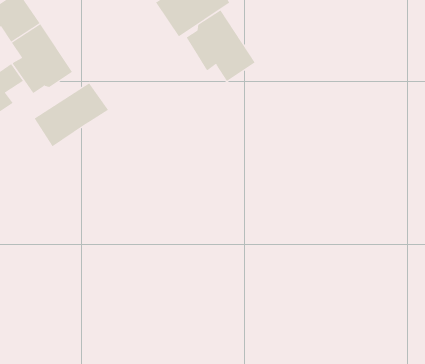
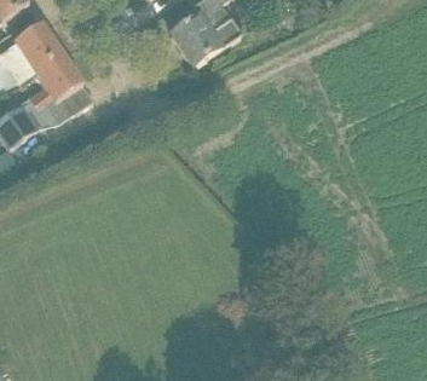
building: [186,9,256,82] -> none
building: [34,82,109,147] -> none

